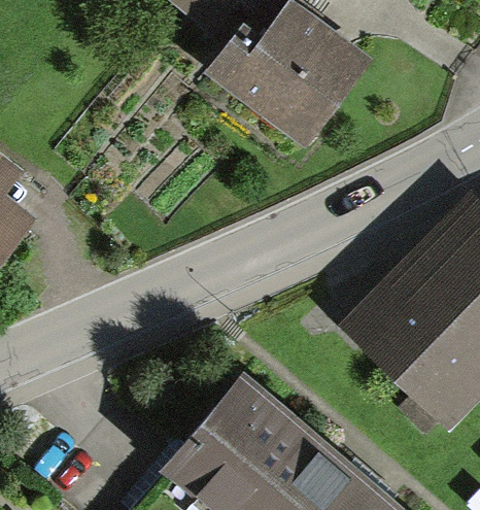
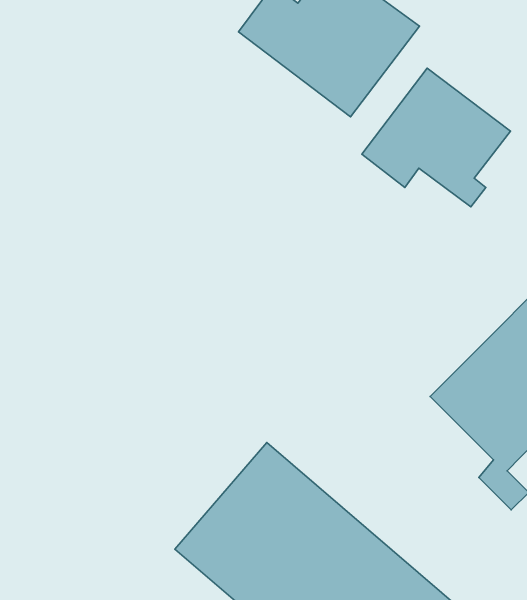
building: none -> [362,68,511,207]

